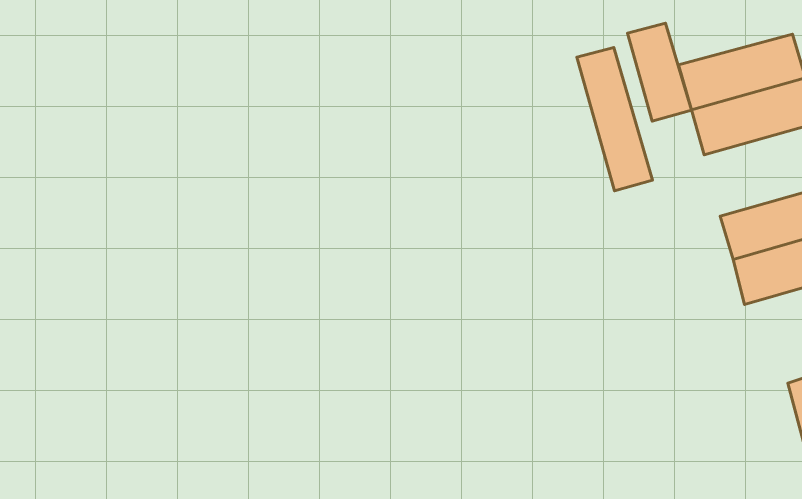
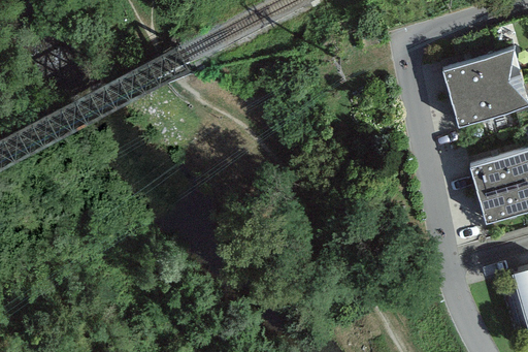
building: [628,23,691,121] -> none
building: [577,48,653,191] -> none

